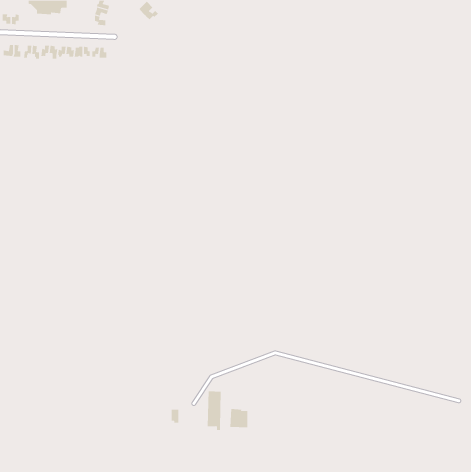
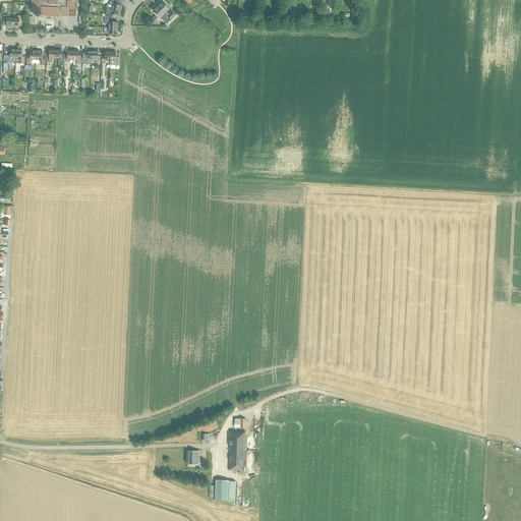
building: [230,409,248,428] -> [214,479,234,501]

